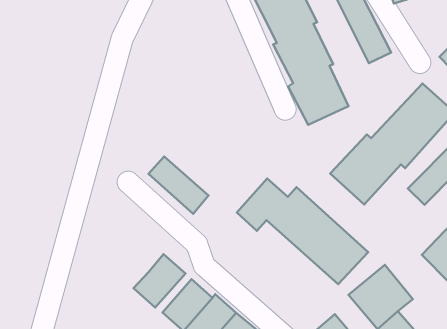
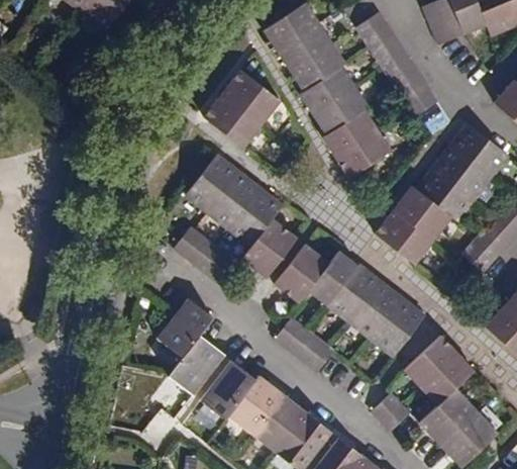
building: none -> [209,69,286,148]
building: none -> [189,154,298,278]
building: none -> [153,297,210,356]
building: none -> [274,318,331,372]

